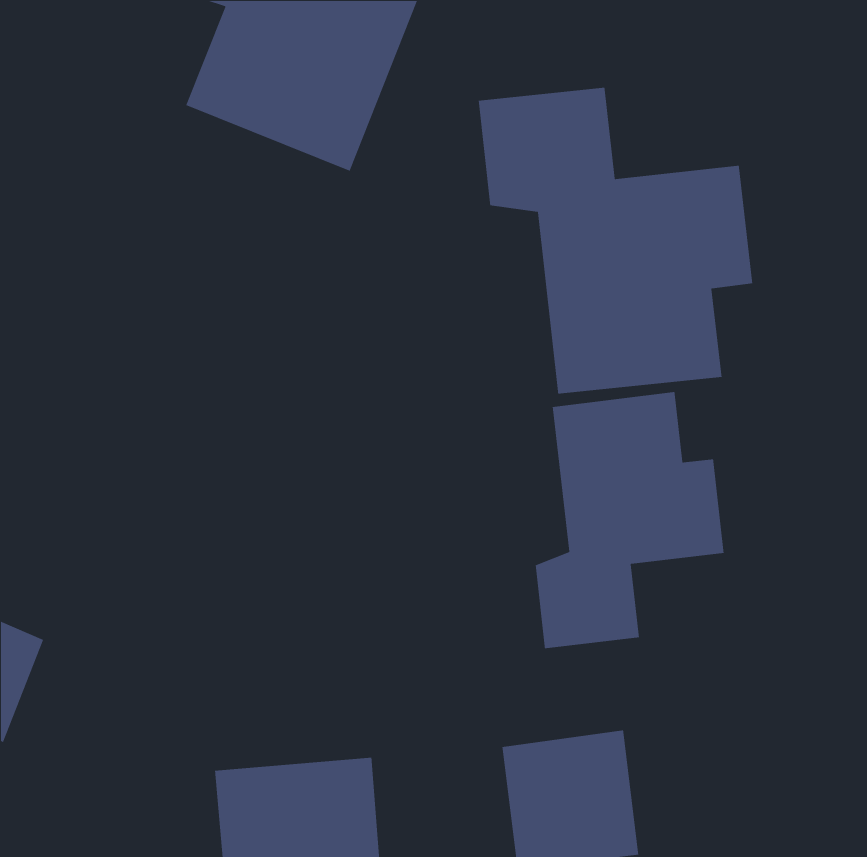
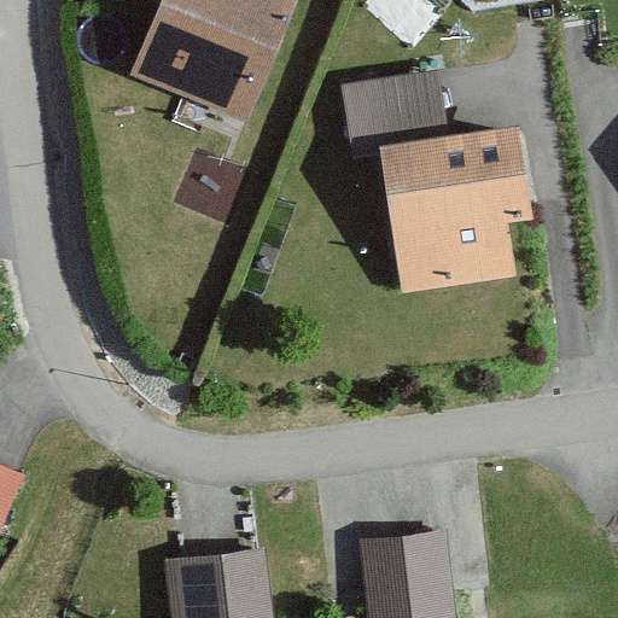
building: [535,391,724,649] -> none

